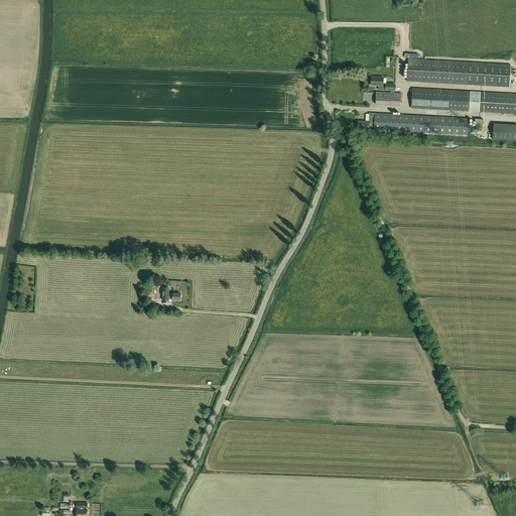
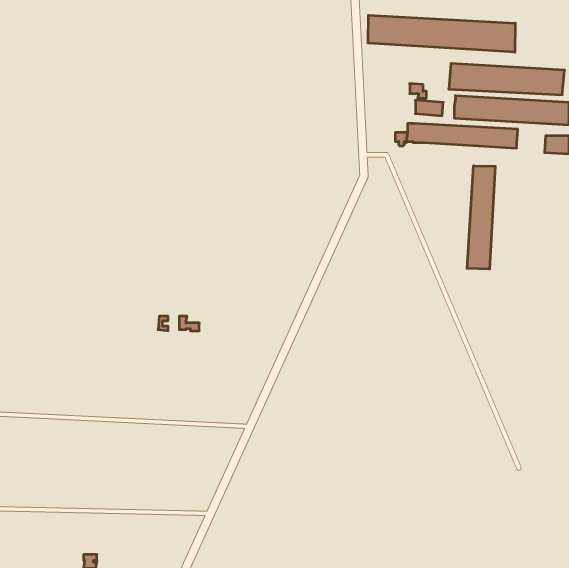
building: none -> [368,15,515,52]
building: none -> [467,166,495,269]

